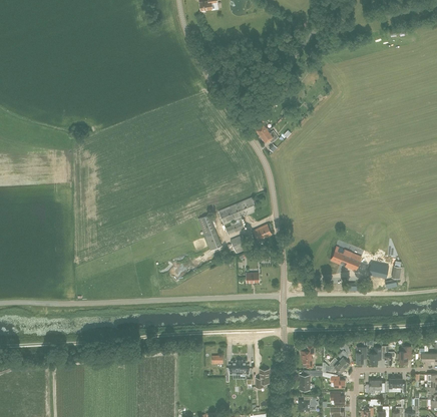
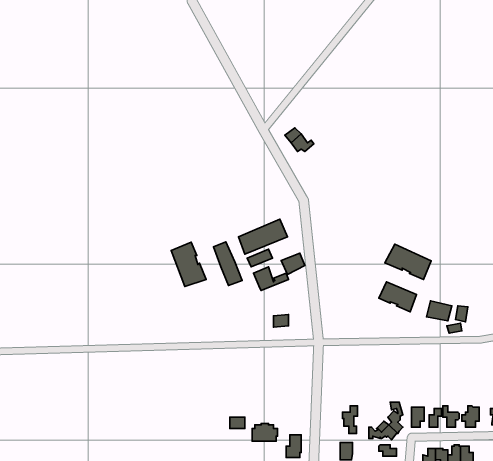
building: none -> [171,242,206,287]
building: none -> [385,244,431,280]

